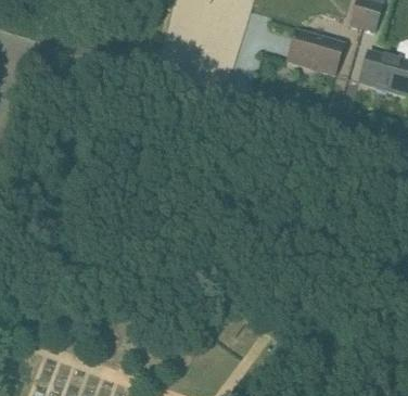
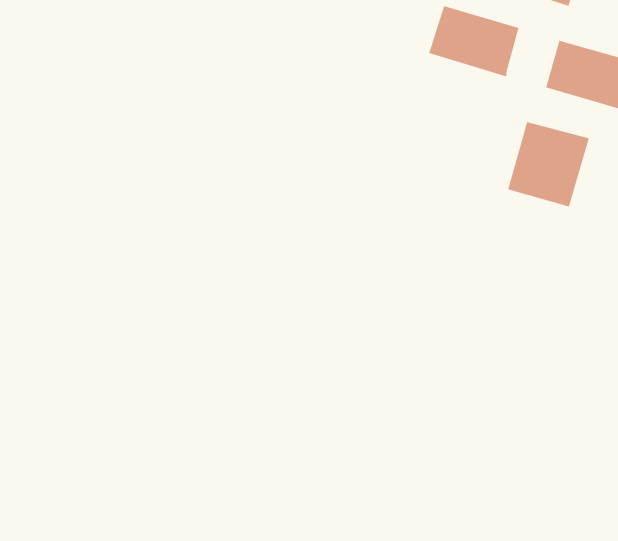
building: none -> [507,121,590,208]

